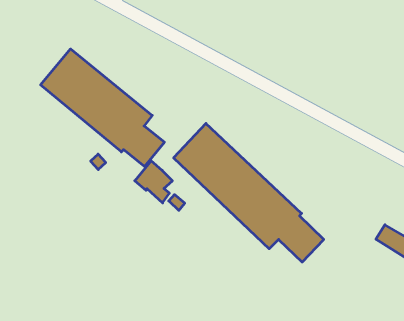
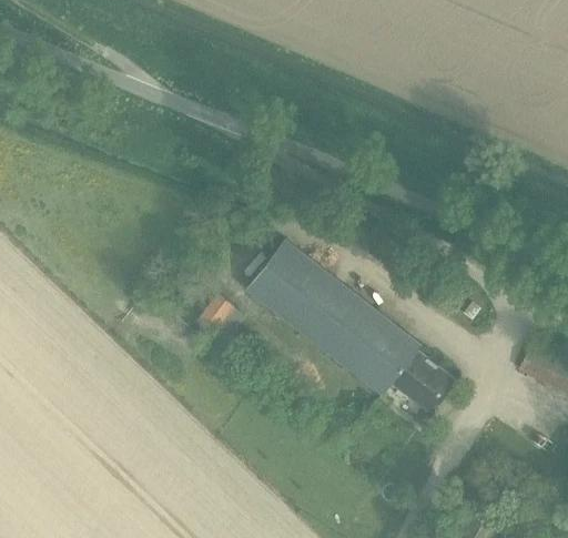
building: [41,49,164,166] -> none

